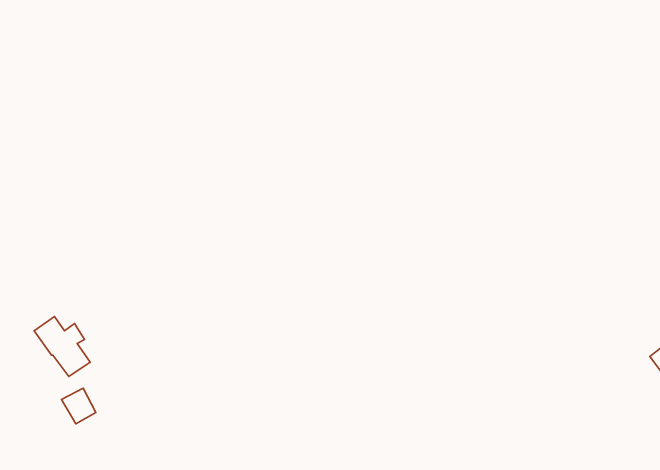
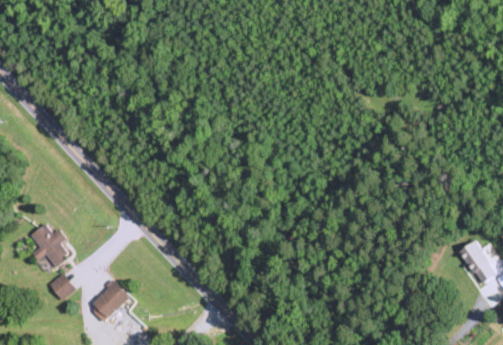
building: none -> [92,281,130,319]

